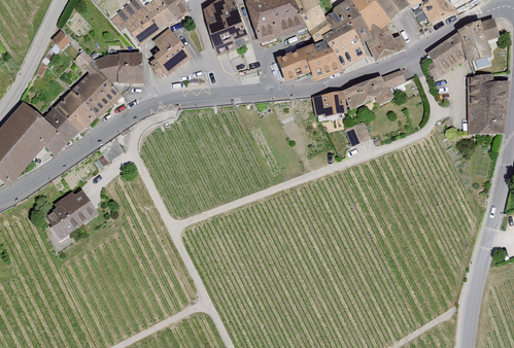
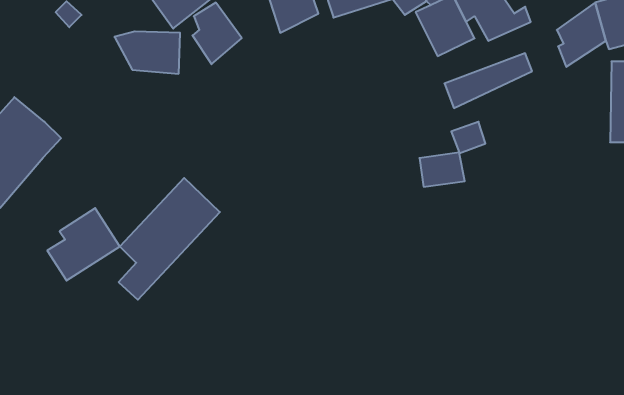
building: [284,38,338,83] -> none
building: [40,69,116,161] -> [119,178,220,300]
building: [312,92,346,117] -> [419,153,465,187]

